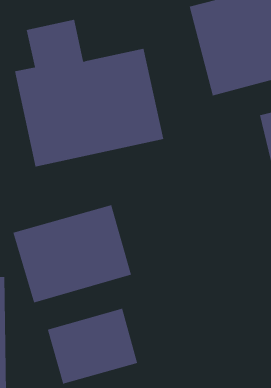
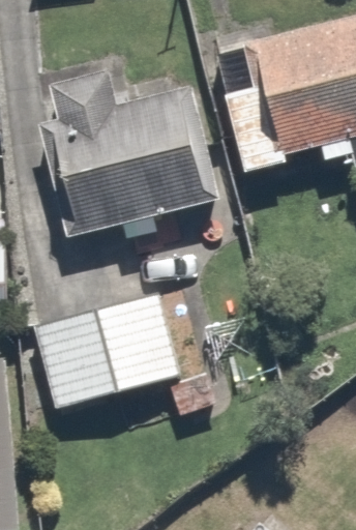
building: [47,308,138,385] -> none

